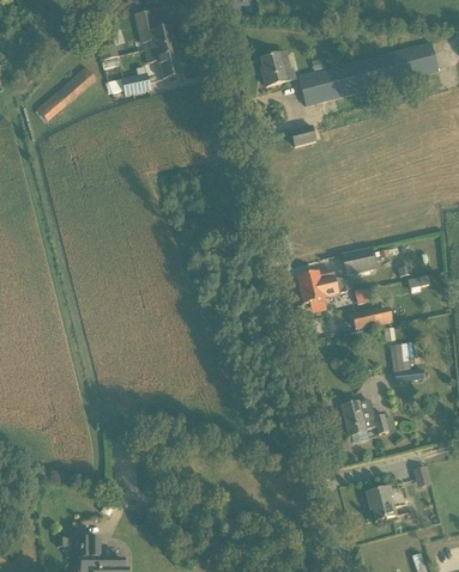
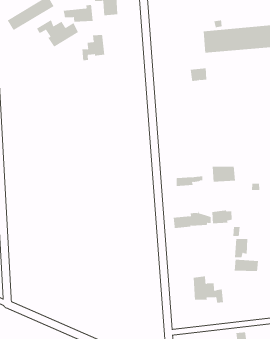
building: [260,50,296,85] -> none
building: none -> [36,19,79,47]
building: none -> [82,34,105,61]
building: [298,274,351,304] -> [173,211,212,229]

